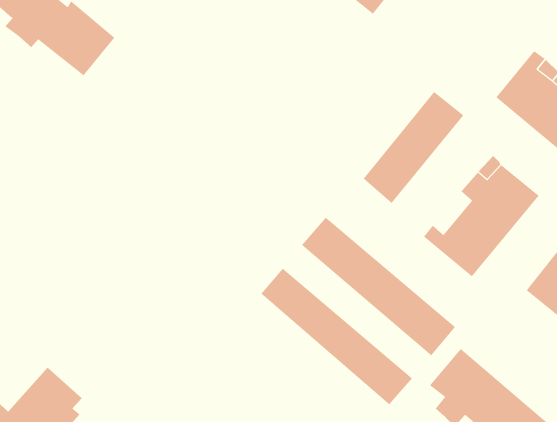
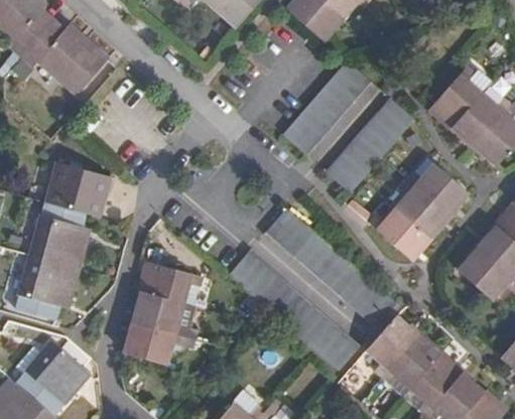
building: none -> [277,71,367,169]
building: none -> [18,163,104,322]
building: none -> [128,267,201,369]

